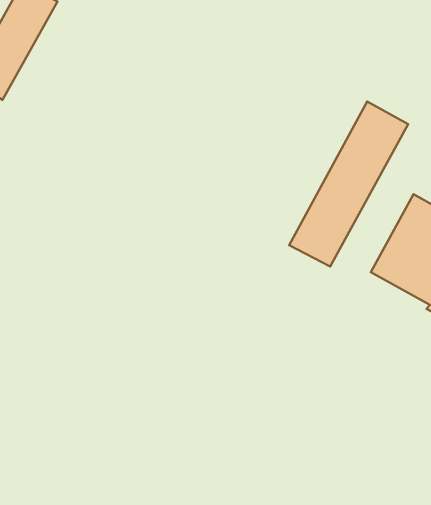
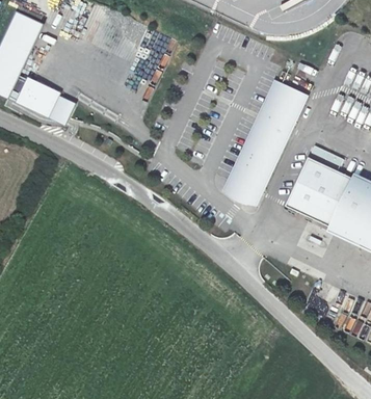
building: none -> [16,78,75,126]

